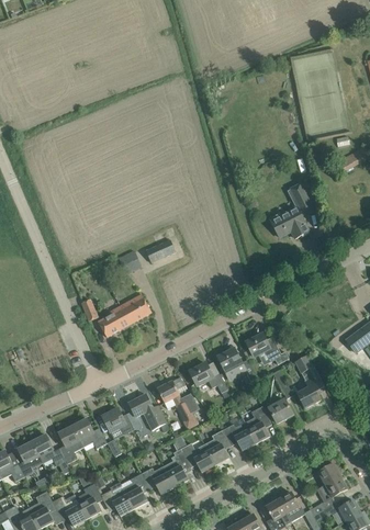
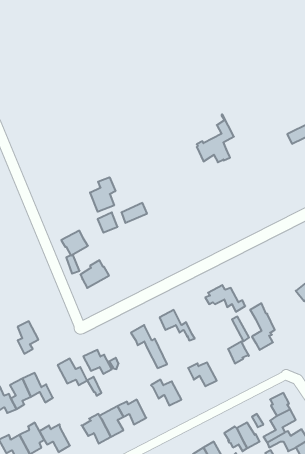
building: [271,183,314,238] -> [197,115,234,162]
building: none -> [90,177,115,212]
building: [121,294,152,323] -> [61,231,88,255]
building: [217,348,256,380] -> none
building: [128,394,170,431] -> none
building: [245,406,270,443] -> none
building: [59,426,83,463] -> [18,321,38,354]
building: [204,429,229,465] -> none
building: [164,442,192,486] -> none
building: [76,484,101,518] -> none

